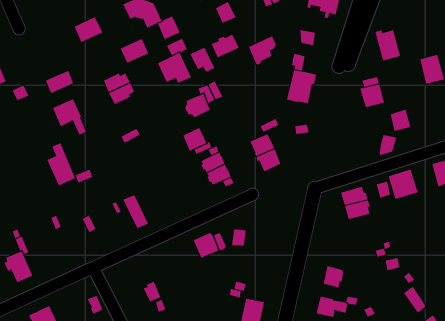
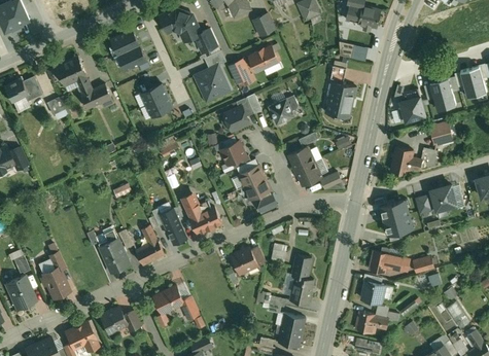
building: [374,30,401,61] -> [428,78,455,110]
building: [248,36,277,65] -> [269,96,298,126]
building: [120,38,149,64] -> [117,45,147,71]
building: [52,99,87,135] -> [57,56,92,93]
building: none -> [390,147,420,173]
building: [46,143,76,186] -> [99,228,129,273]
building: none -> [182,194,220,233]
building: none -> [136,225,164,264]
building: none -> [369,248,409,273]
building: none -> [290,255,313,304]
building: none -> [153,285,184,313]
building: none -> [99,307,128,332]

